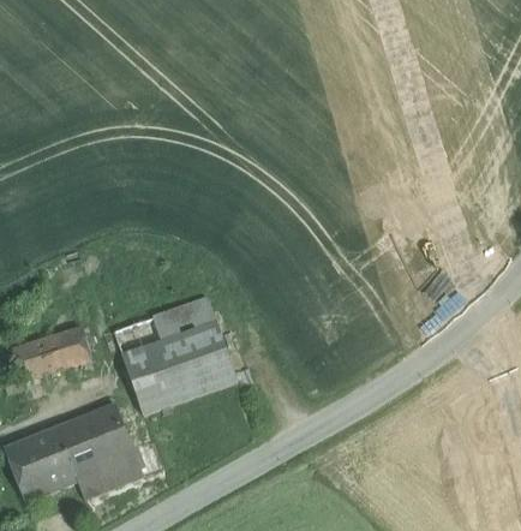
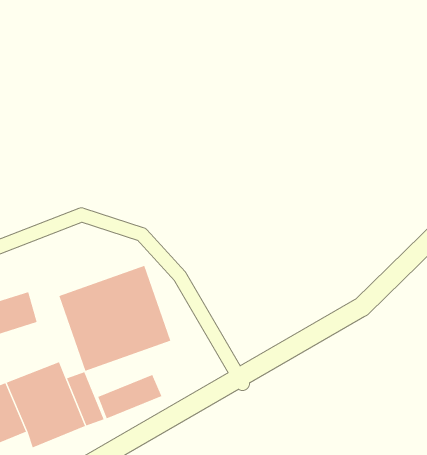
building: none -> [98,374,162,419]

